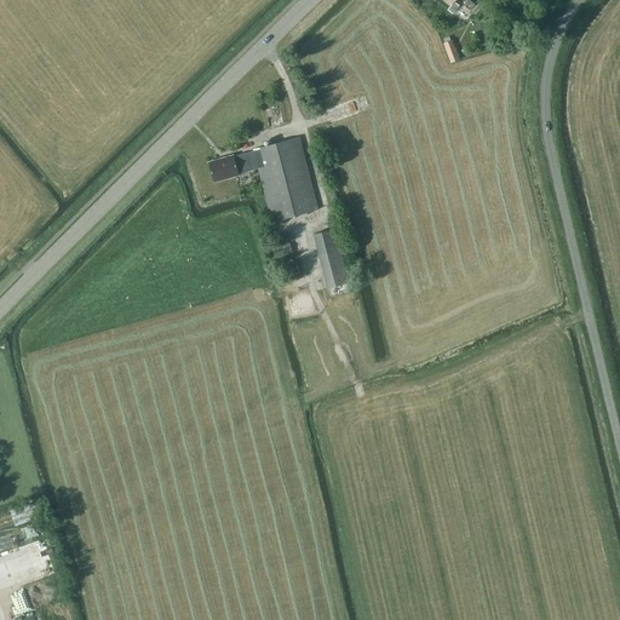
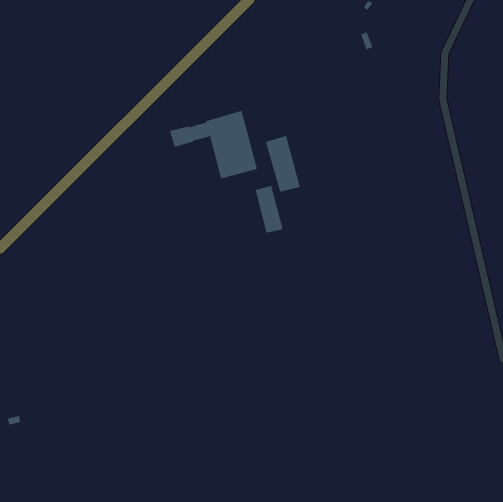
building: none -> [265,135,301,192]

